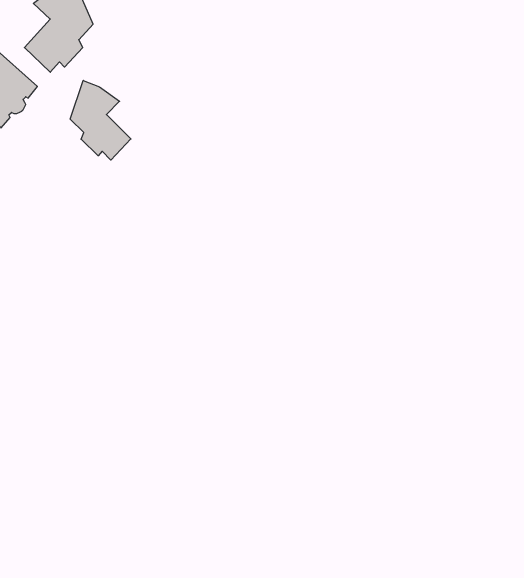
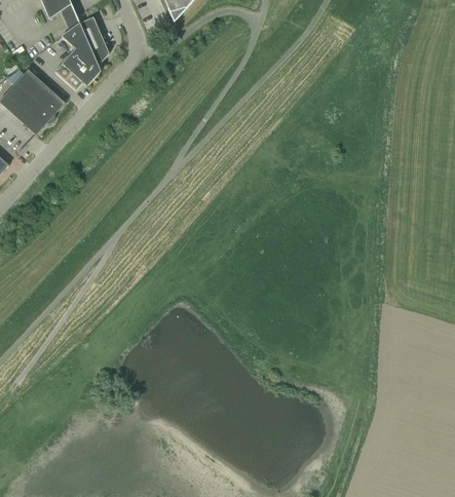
building: [70,80,131,160] -> none

